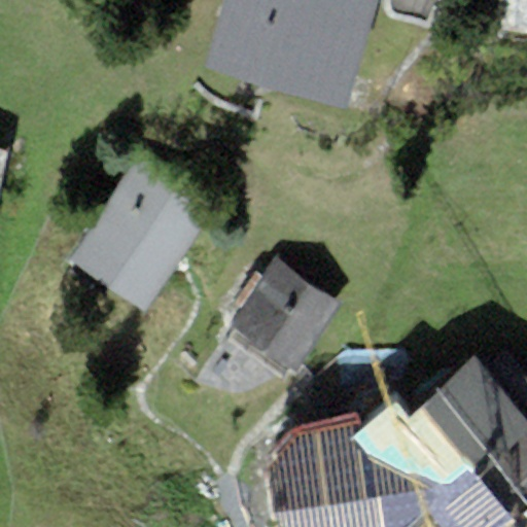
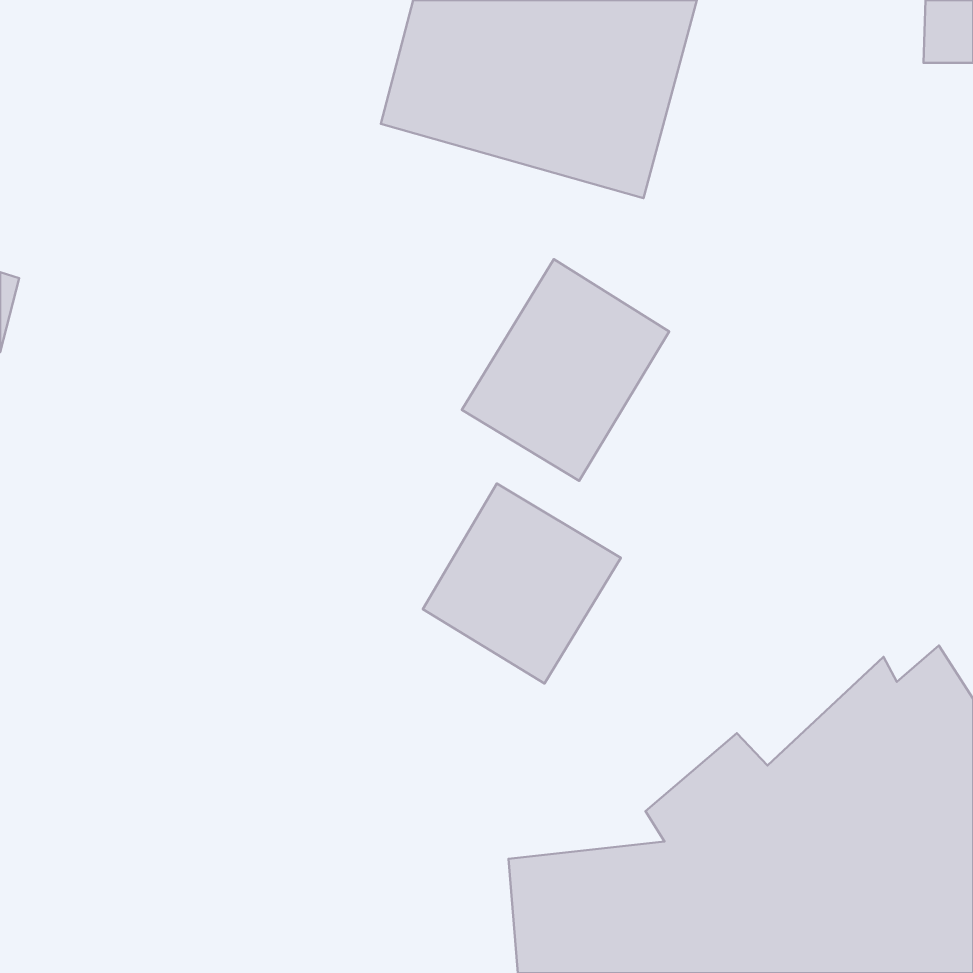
building: none -> [462,259,669,481]
building: [69,165,210,312] -> none

